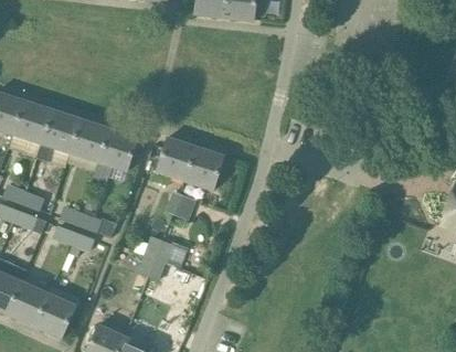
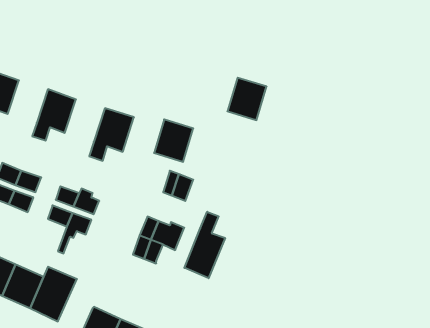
building: [13,100,53,156] -> none
building: [70,119,109,161] -> none
building: [187,148,225,190] -> [227,78,267,120]
building: none -> [184,212,225,278]

